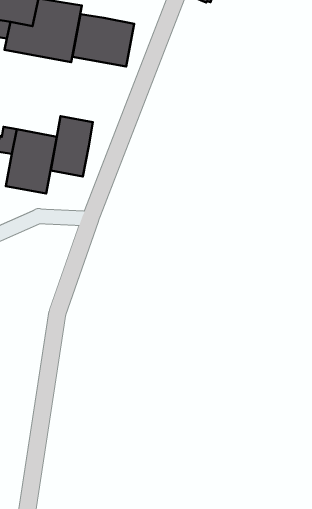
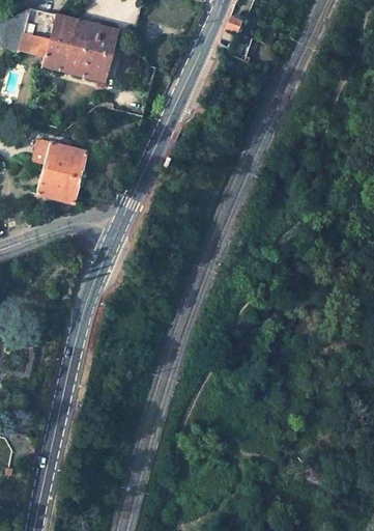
building: [72,14,134,66] -> none
building: [51,116,93,176] -> none

